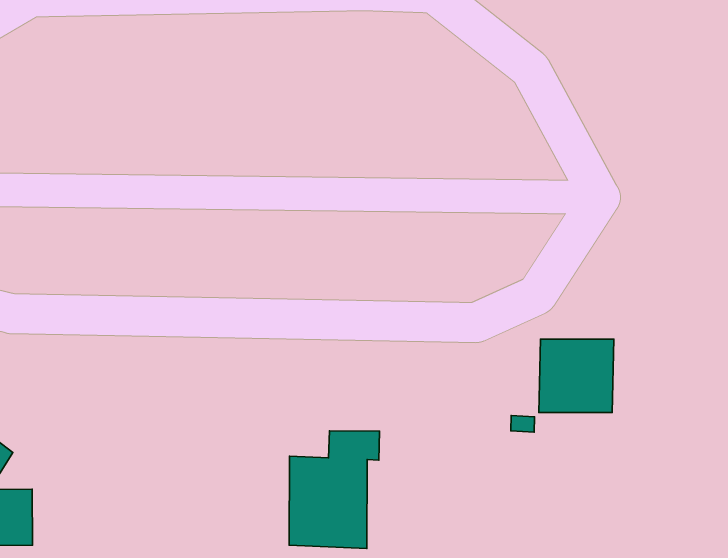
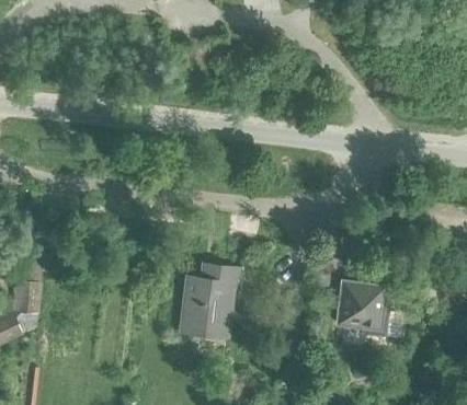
building: [539,339,614,413] -> [338,284,385,329]

